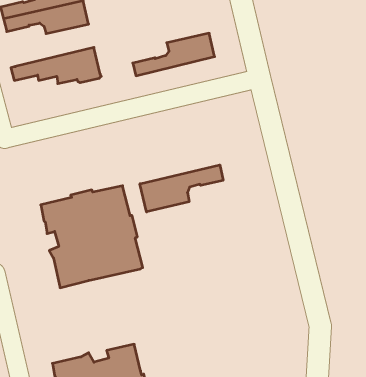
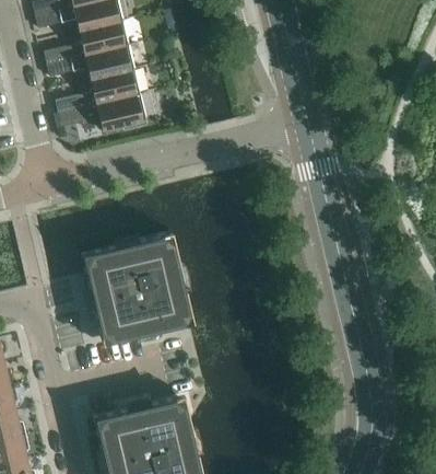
building: [133,33,215,76] -> [56,70,140,114]
building: [140,165,223,212] -> none

